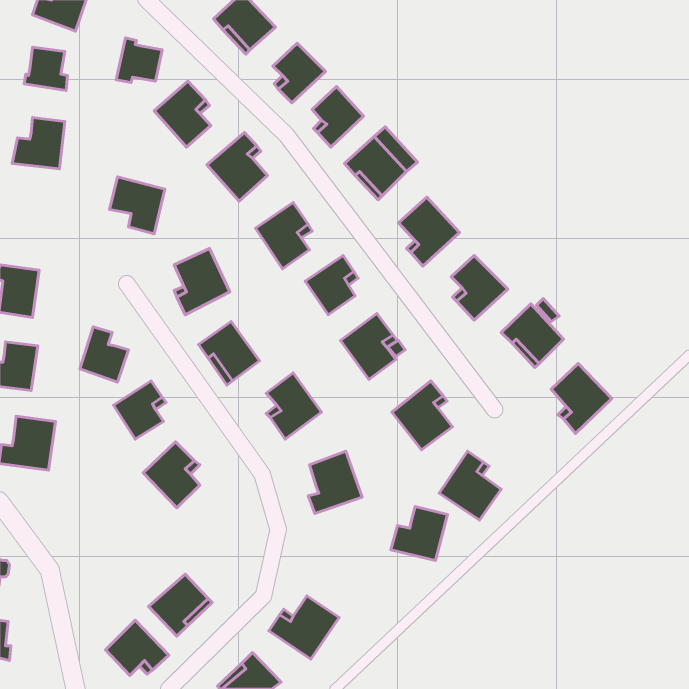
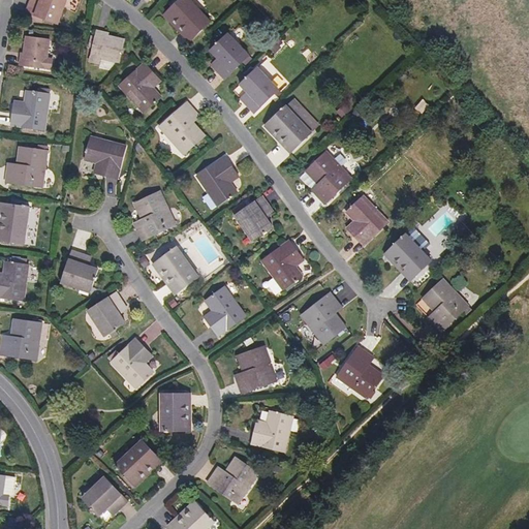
building: none -> [5,146,48,187]
building: [391,506,448,561] -> [250,410,293,452]
building: none -> [160,393,191,430]

